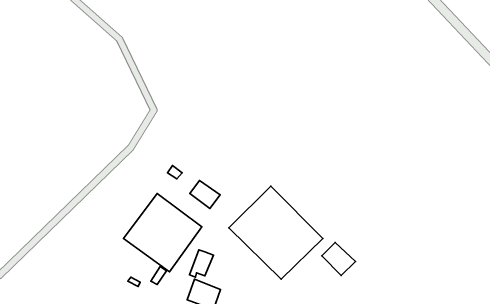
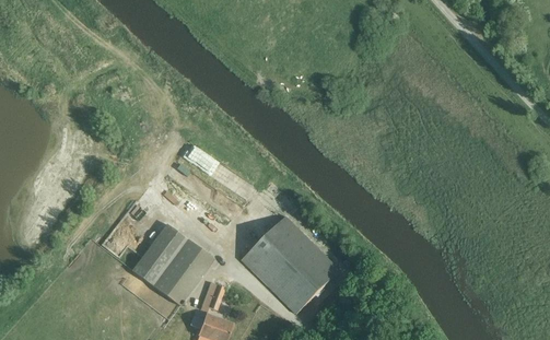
building: [190,180,220,208] -> none
building: [322,242,355,275] -> none

